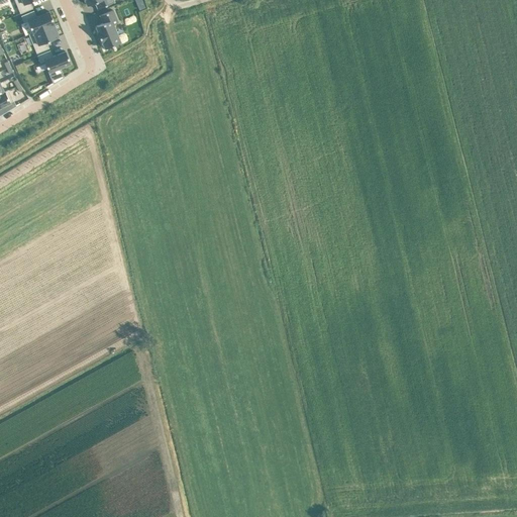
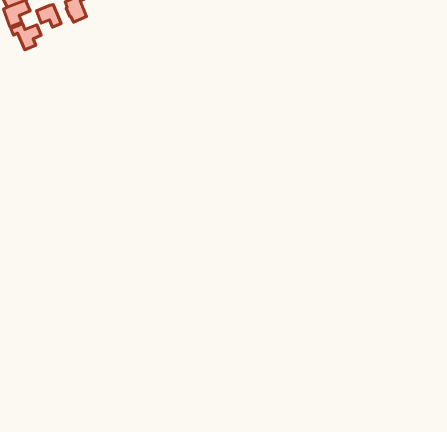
building: none -> [36,4,61,27]

